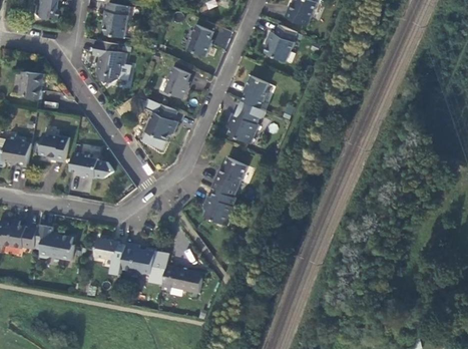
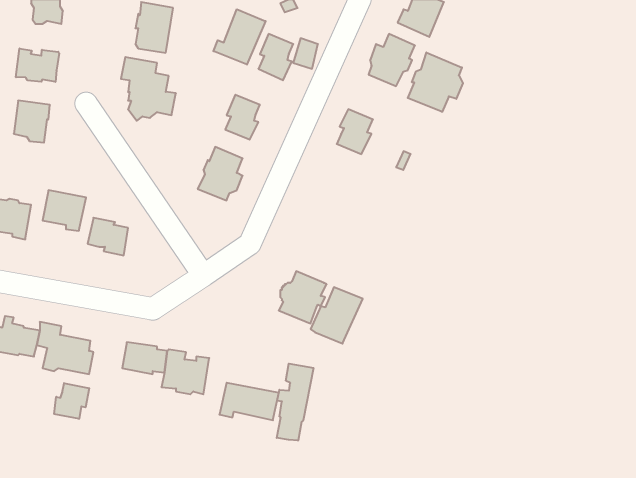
building: none -> [213,9,266,65]
building: none -> [16,48,59,82]
building: none -> [408,52,463,112]
building: [227,101,266,143] -> none
building: [211,158,248,198] -> [311,287,363,344]
building: none -> [277,364,313,441]
building: none -> [54,383,89,419]

